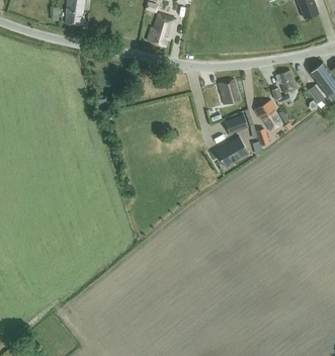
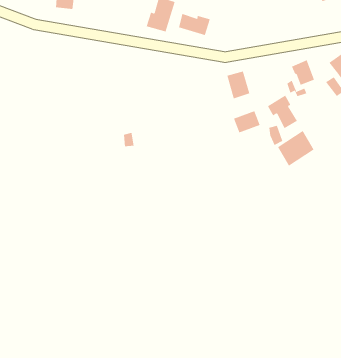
building: none -> [178,13,211,36]
building: [216,137,249,169] -> [277,130,315,167]

